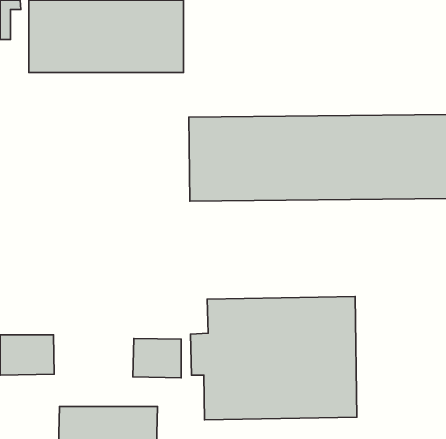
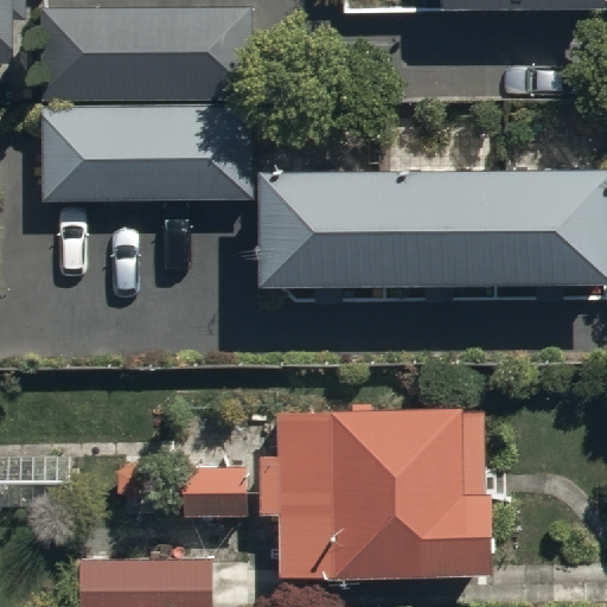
building: none -> [40,109,250,204]

